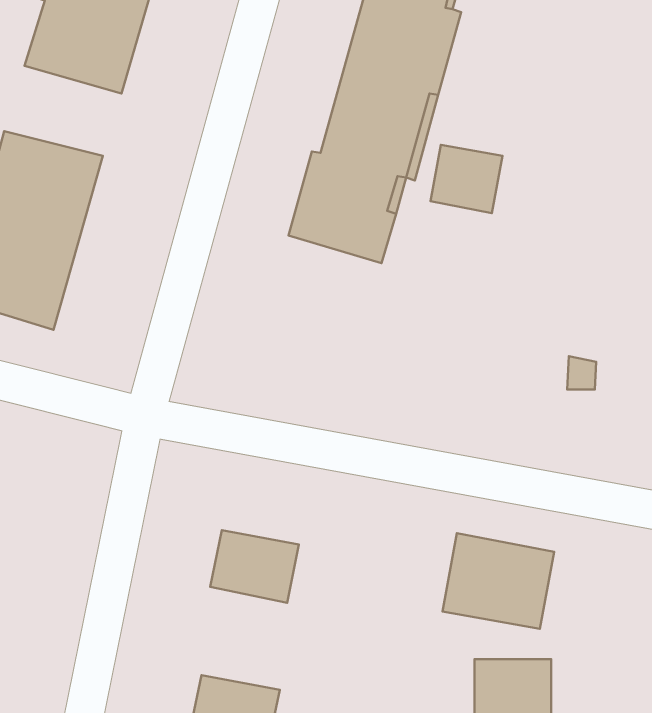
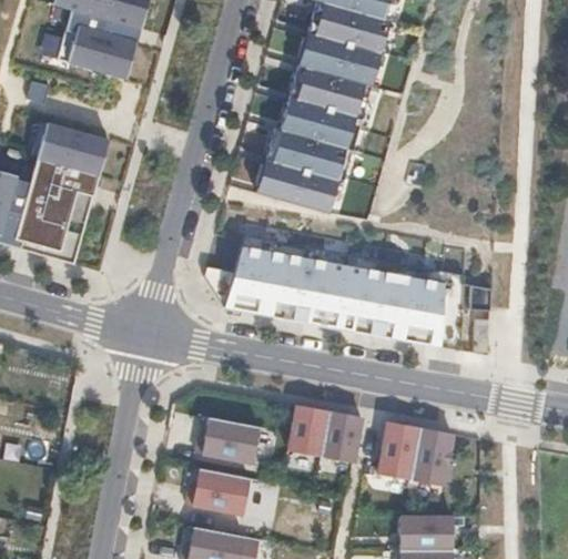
building: [431,145,502,213] -> none
building: none -> [203,233,464,348]
building: none -> [281,403,367,469]
building: none -> [184,467,254,521]

